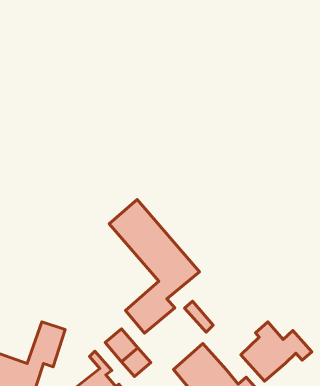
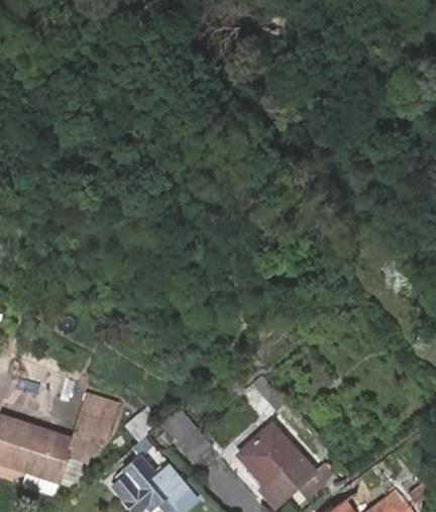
building: [109,199,199,333] -> none
building: [241,322,312,381] -> none

